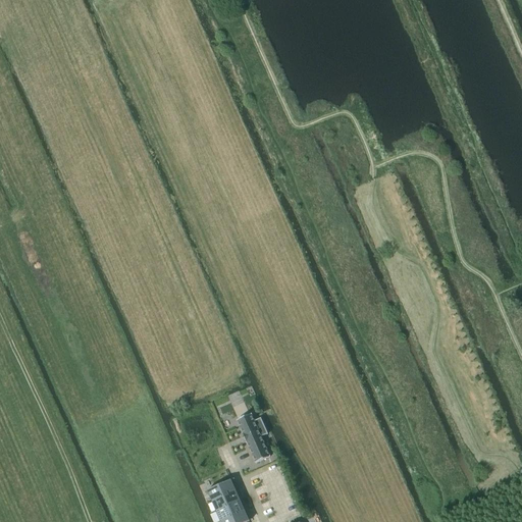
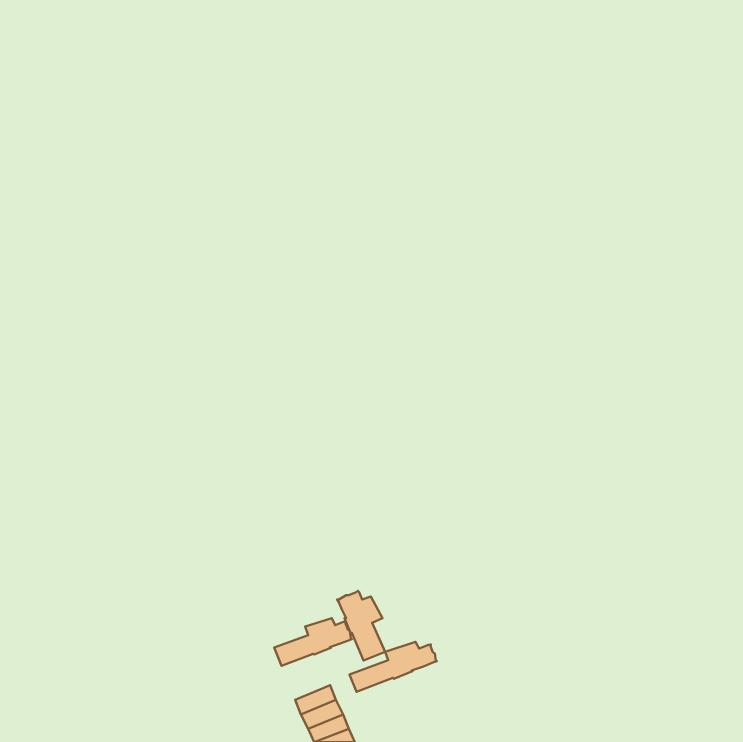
building: none -> [274,618,352,666]
building: none -> [350,642,437,692]

